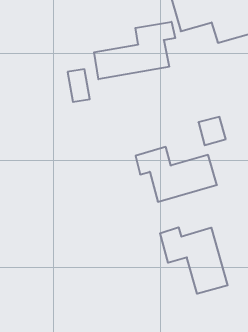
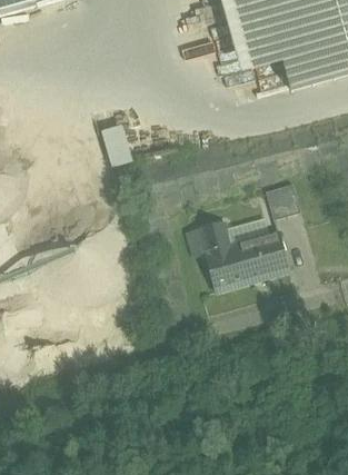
building: [94,22,175,79] -> none
building: [160,227,228,294] -> none

